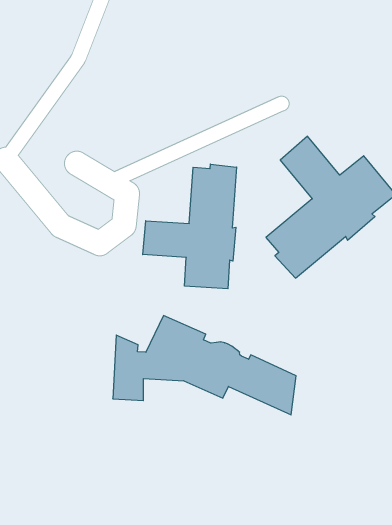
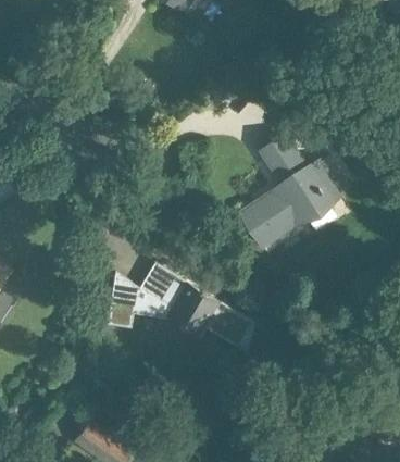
building: [143,164,237,289] -> none

